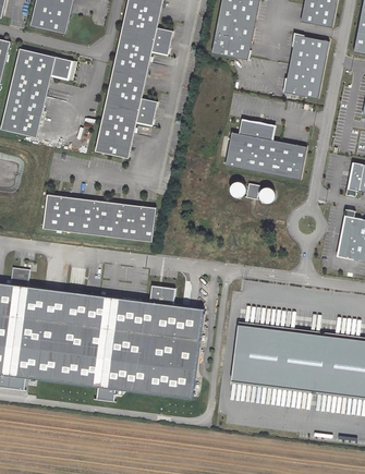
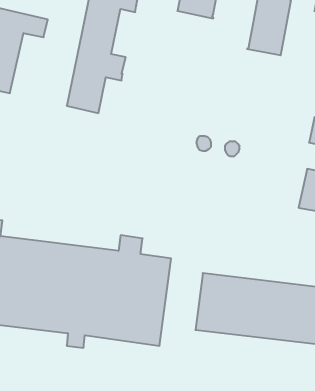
building: [223,119,305,180] -> none
building: [44,194,156,242] -> none

